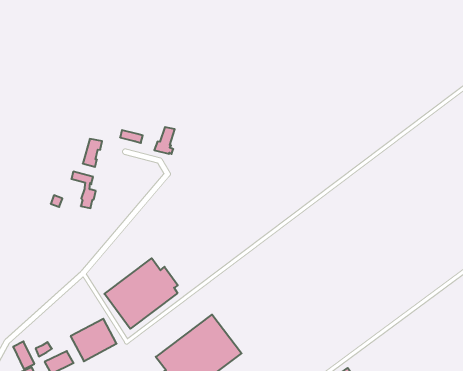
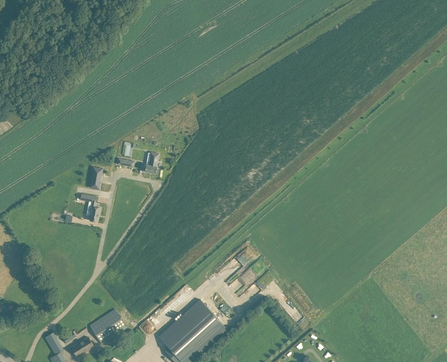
building: [104,258,178,329] -> none

